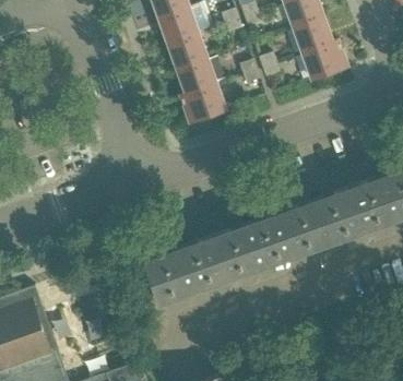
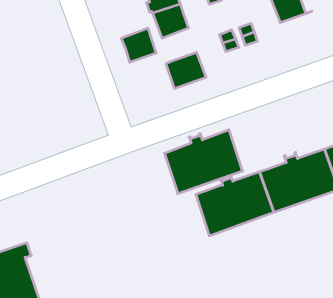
building: [305,43,347,82] -> none
building: [179,60,216,96] -> [121,28,156,62]
building: [146,237,229,305] -> [164,130,243,194]

